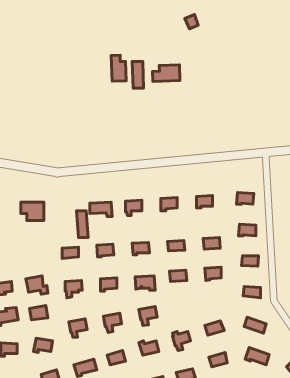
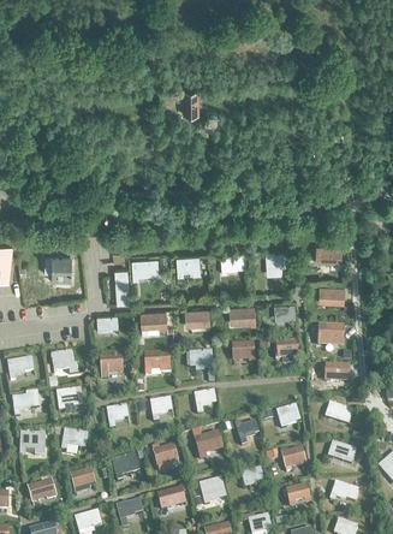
building: [111,55,126,81] -> none
building: [153,65,180,82] -> none

